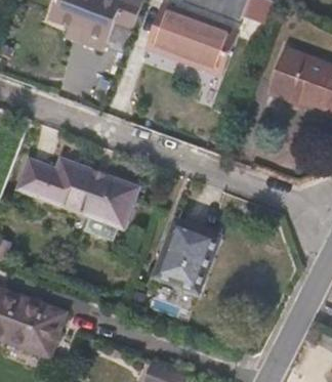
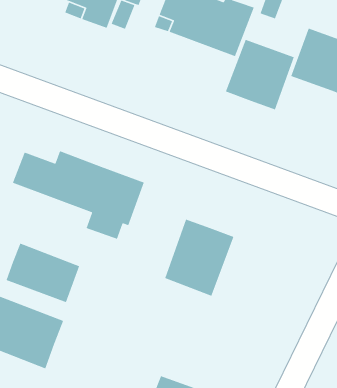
building: none -> [225,39,295,111]
building: none -> [5,243,80,303]

